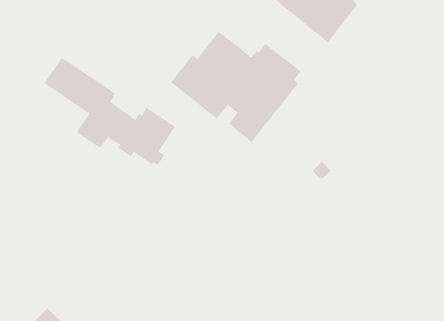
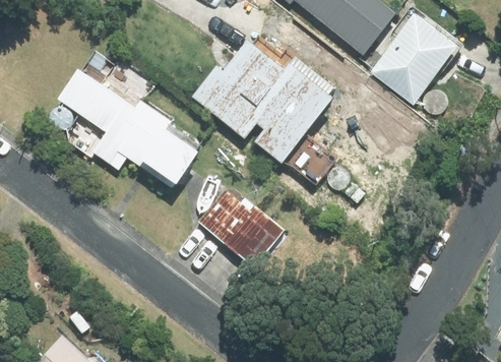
building: none -> [372,15,454,102]
building: none -> [199,188,283,265]

